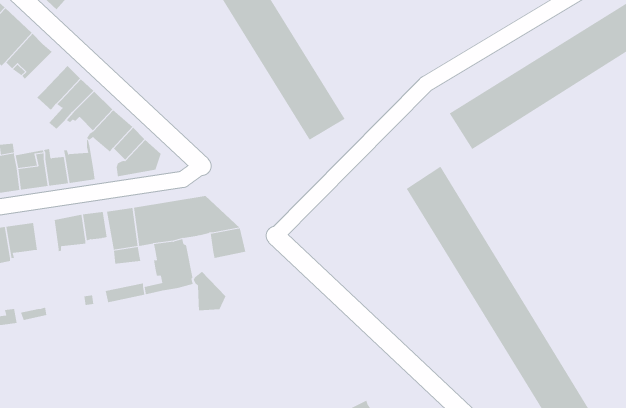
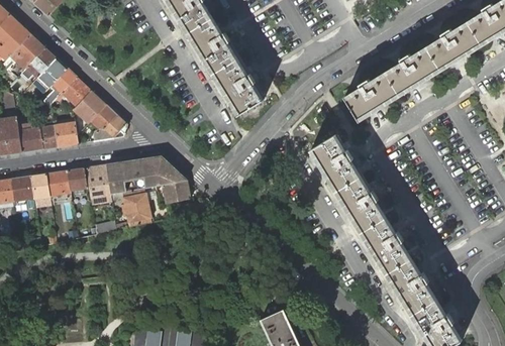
building: none -> [20,48,56,81]
building: none -> [30,175,49,206]
building: [193,271,226,311] -> none

